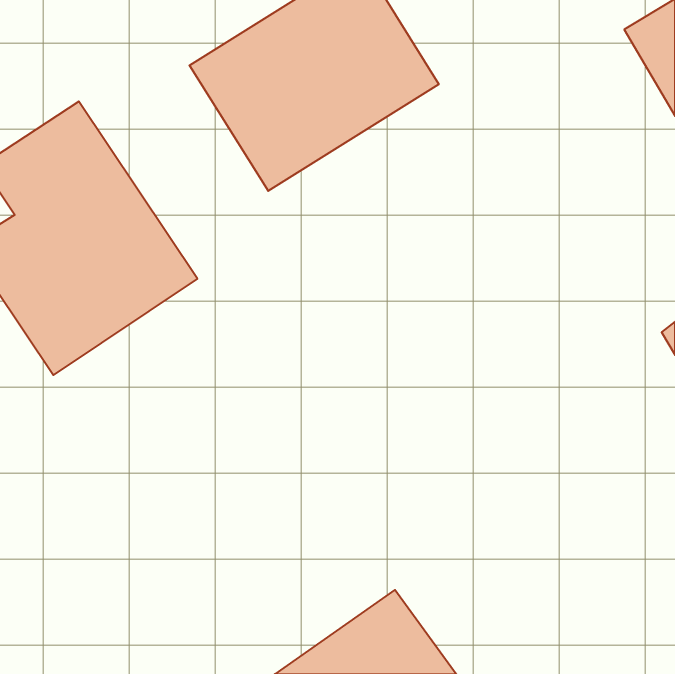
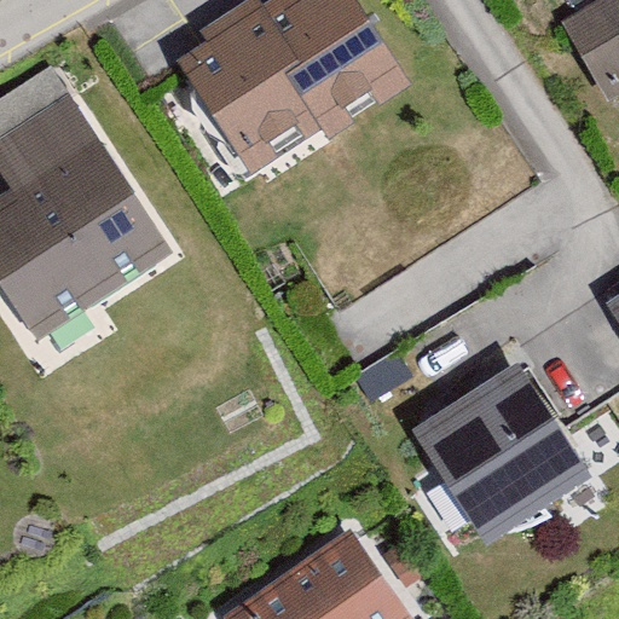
building: none -> [405,360,586,546]

